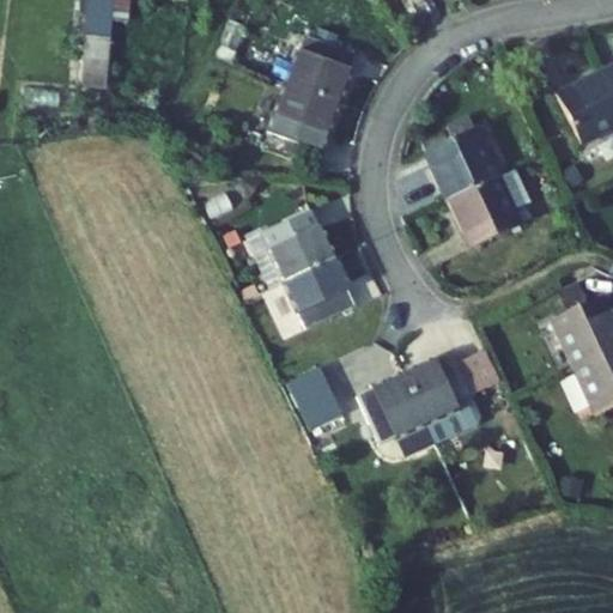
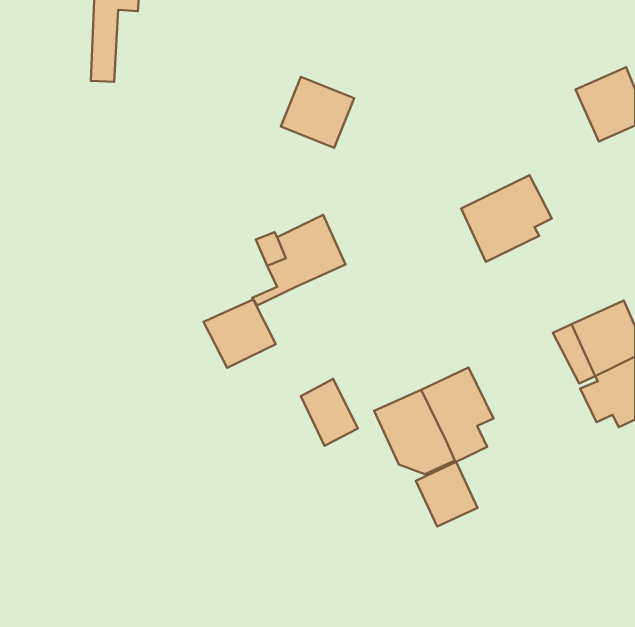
building: [290,24,360,95] -> none
building: [423,131,493,201] -> none
building: [285,255,354,321] -> [204,300,276,368]
building: none -> [416,462,477,527]

